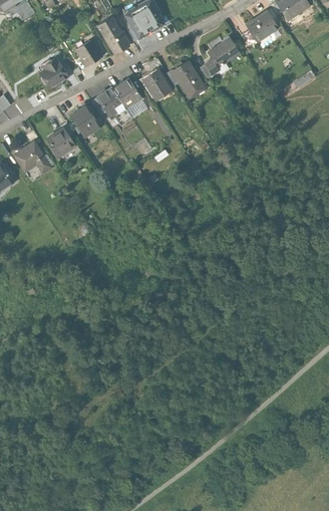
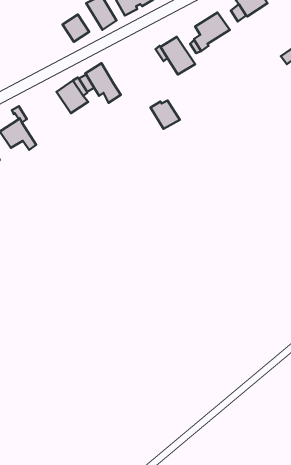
building: [40,58,67,87] -> none
building: [142,72,172,100] -> [150,100,180,129]
building: [114,78,141,107] -> none
building: [46,127,75,157] -> none

